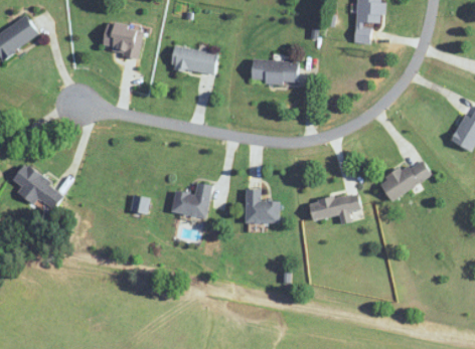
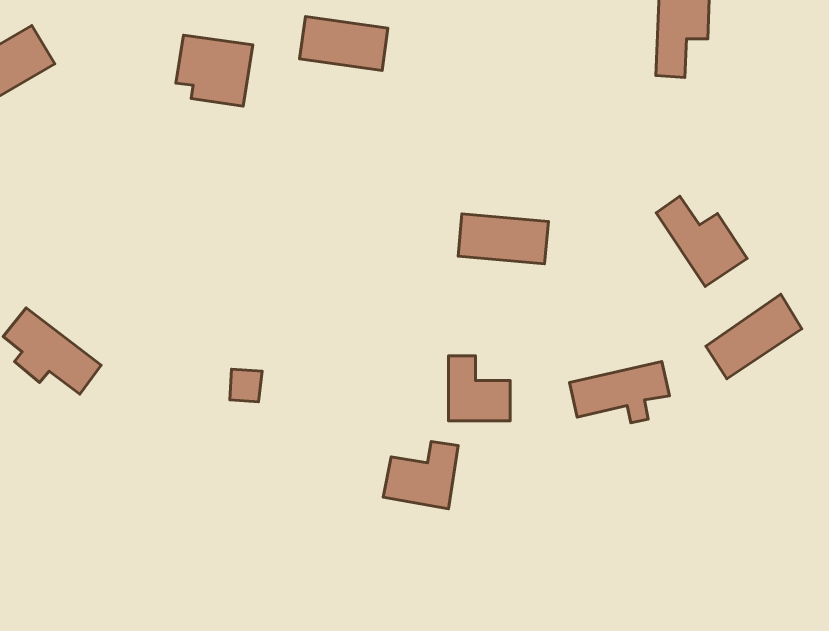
building: [170,46,216,74] -> [300,17,388,70]
building: [251,58,298,84] -> [458,214,548,264]
building: none -> [656,196,747,286]
building: [171,183,210,218] -> [383,442,458,509]

